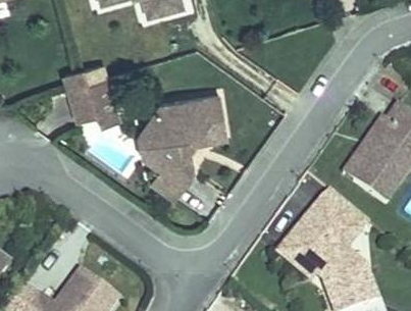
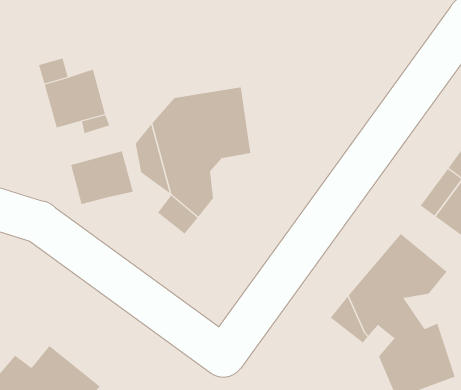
building: none -> [70,151,134,205]

